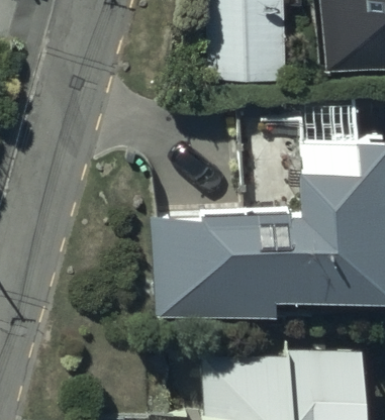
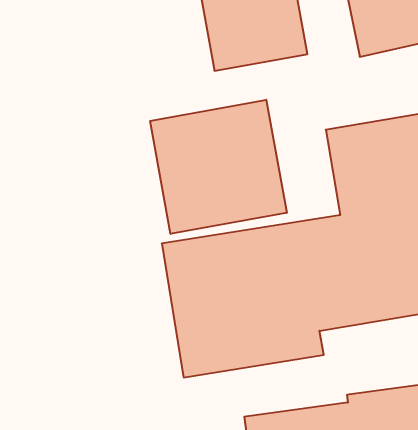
building: none -> [150,100,287,234]

